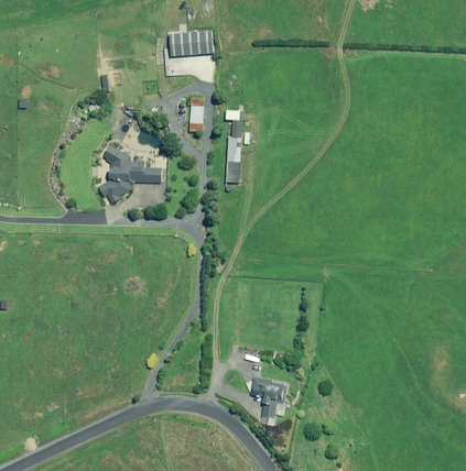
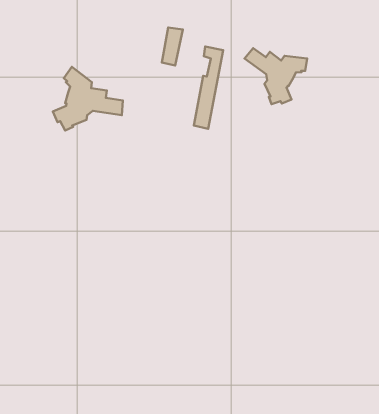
building: none -> [245,48,307,104]
building: [251,376,288,417] -> none

